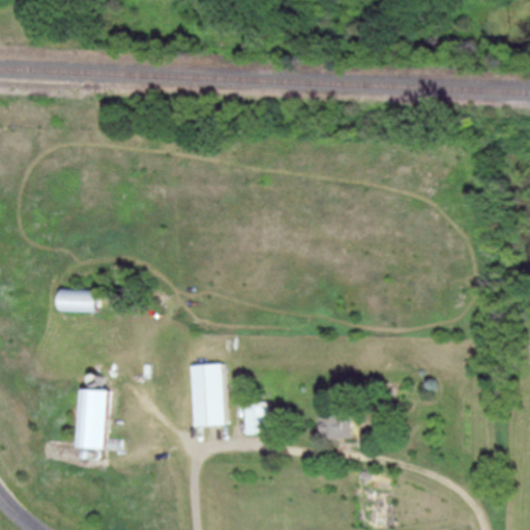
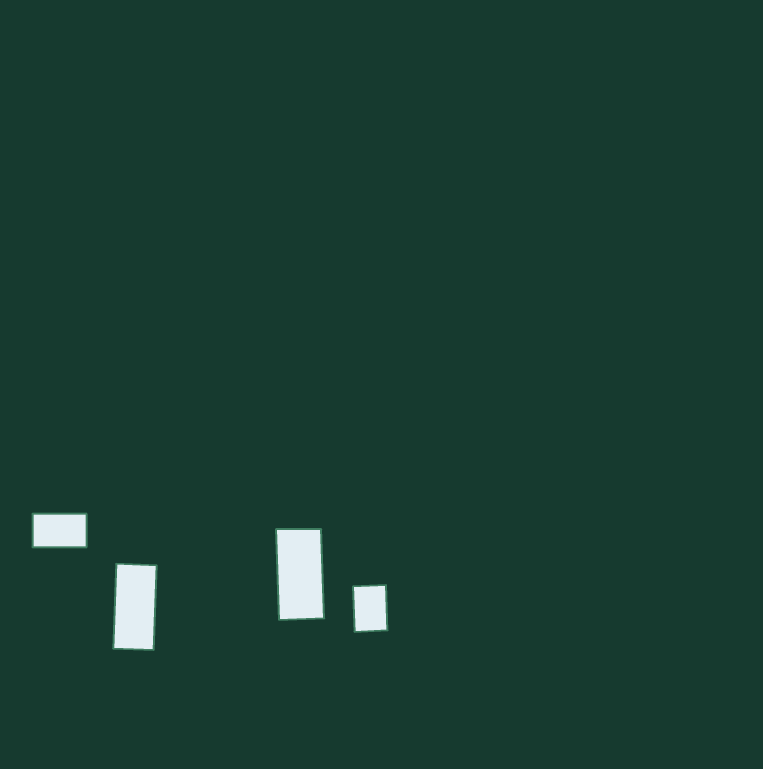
building: [58,289,95,312] -> [32,514,87,547]
building: [317,414,350,439] -> none

